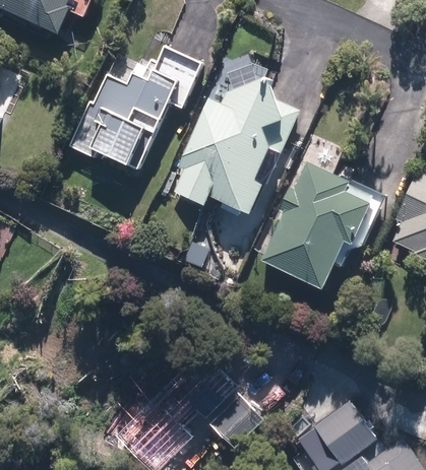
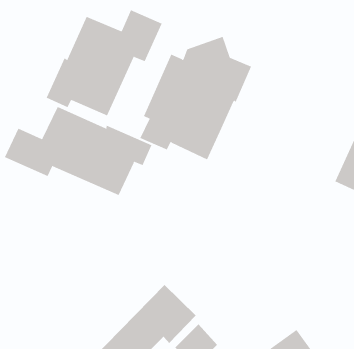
building: none -> [4,106,152,196]
building: [262,164,369,286] -> none

